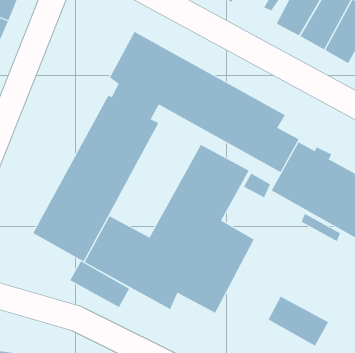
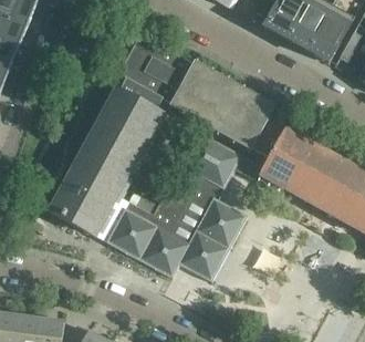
building: [70,260,130,308] -> none
building: [268,296,329,347] -> none

